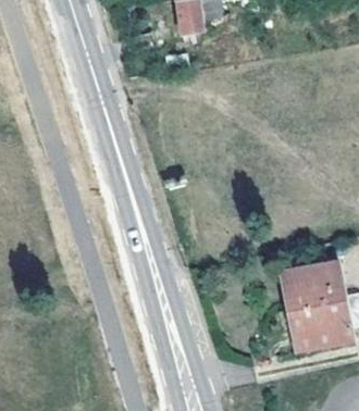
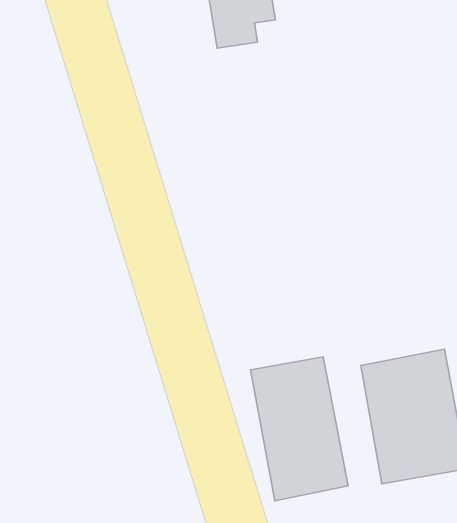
building: none -> [250,357,348,501]

